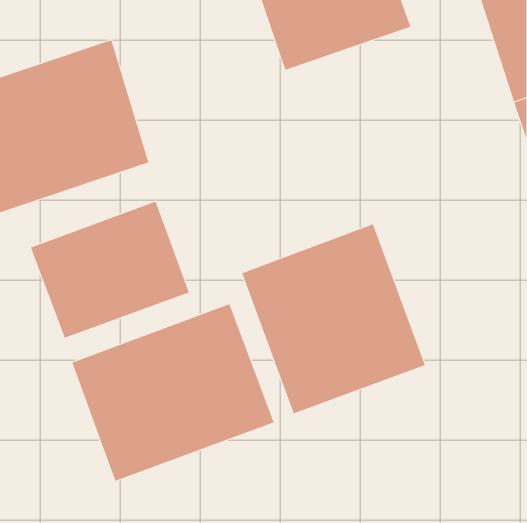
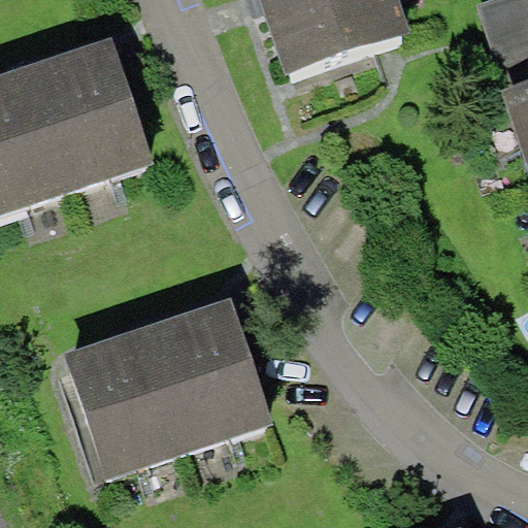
building: [30,201,189,339] -> none
building: [242,223,426,414] -> none

